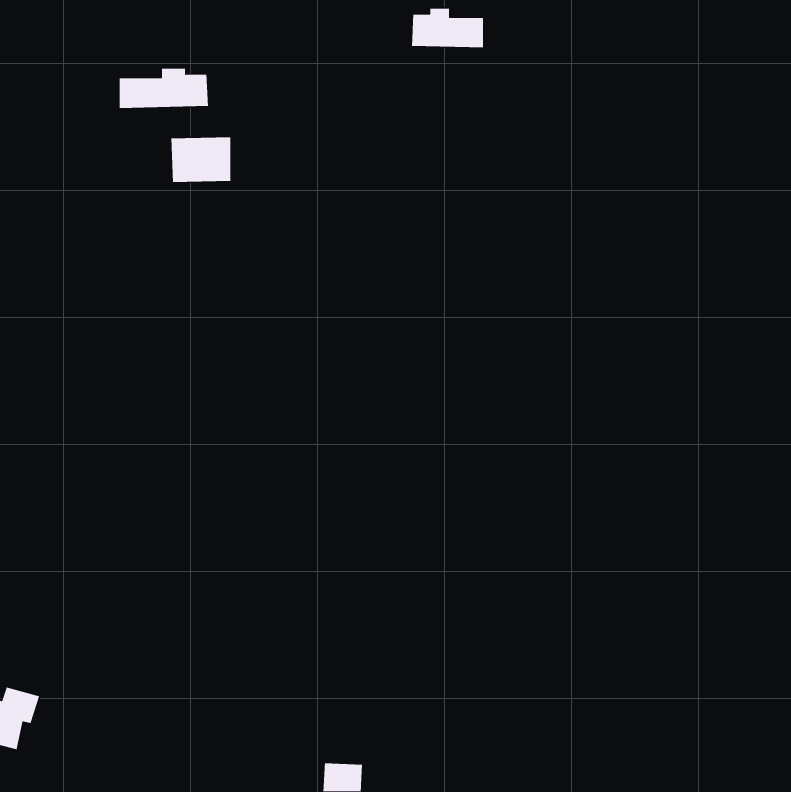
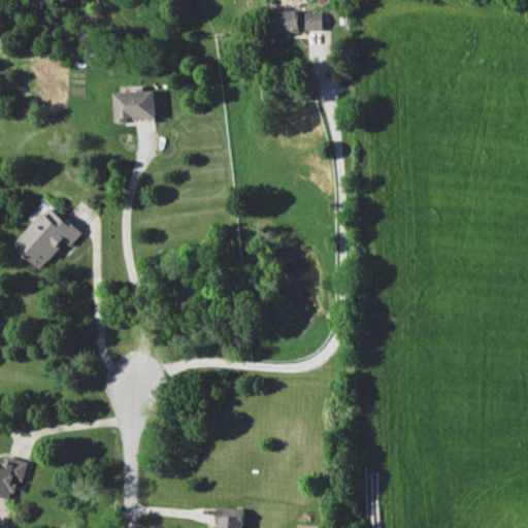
building: [119,68,209,109] -> none
building: none -> [19,205,80,269]

